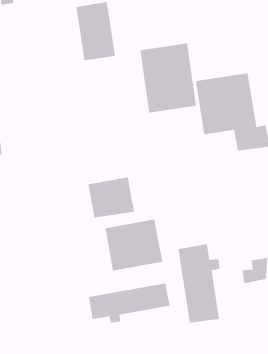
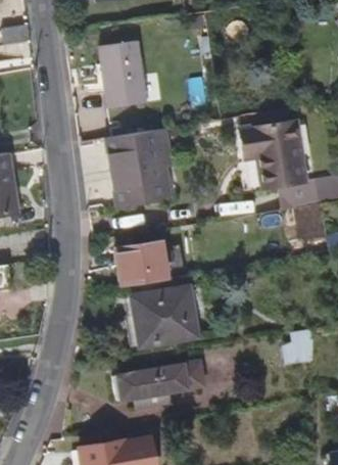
building: [139,43,197,113] -> [105,130,170,208]
building: [178,243,220,324] -> none

